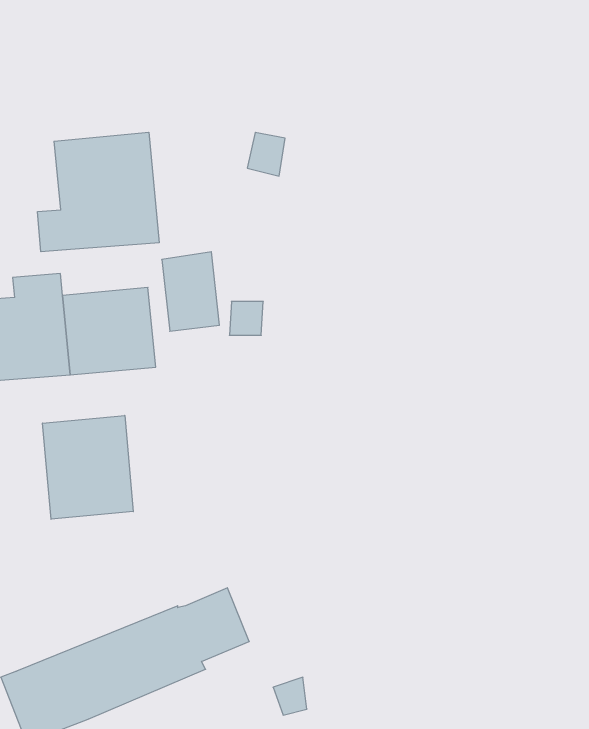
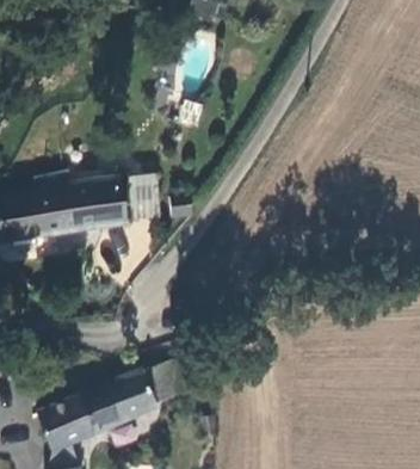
building: [38,132,159,252] -> none
building: [43,415,133,519] -> none

